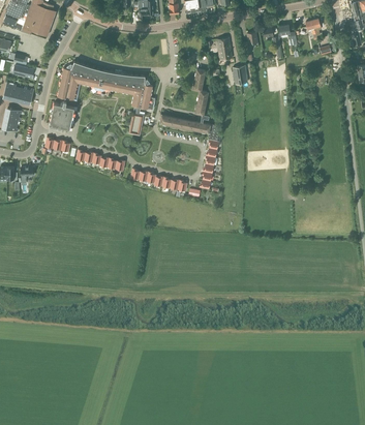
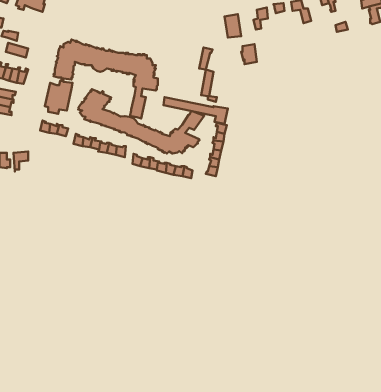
building: none -> [78,89,204,154]

